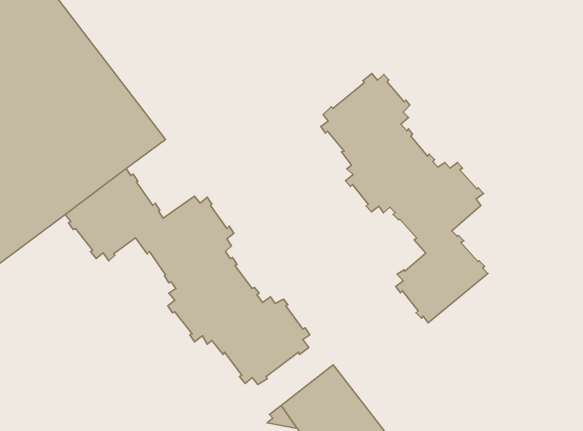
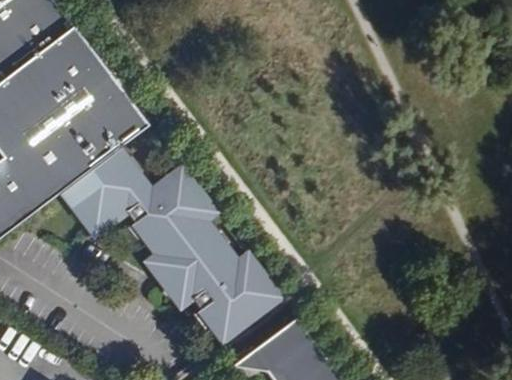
building: [321,73,488,323] -> none

